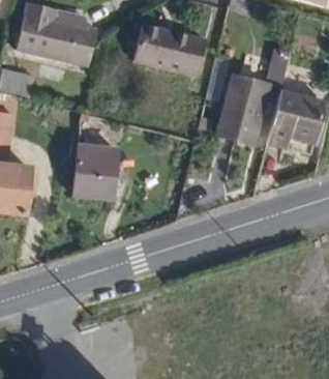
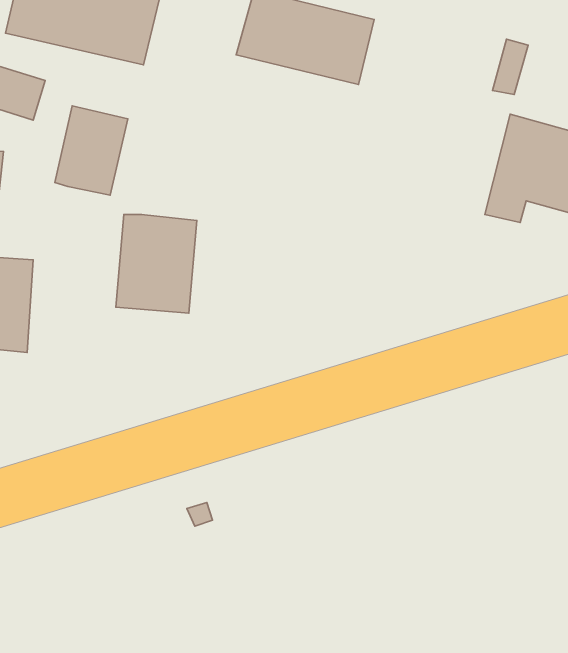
building: [217,75,267,145] -> none
building: none -> [55,106,128,195]

